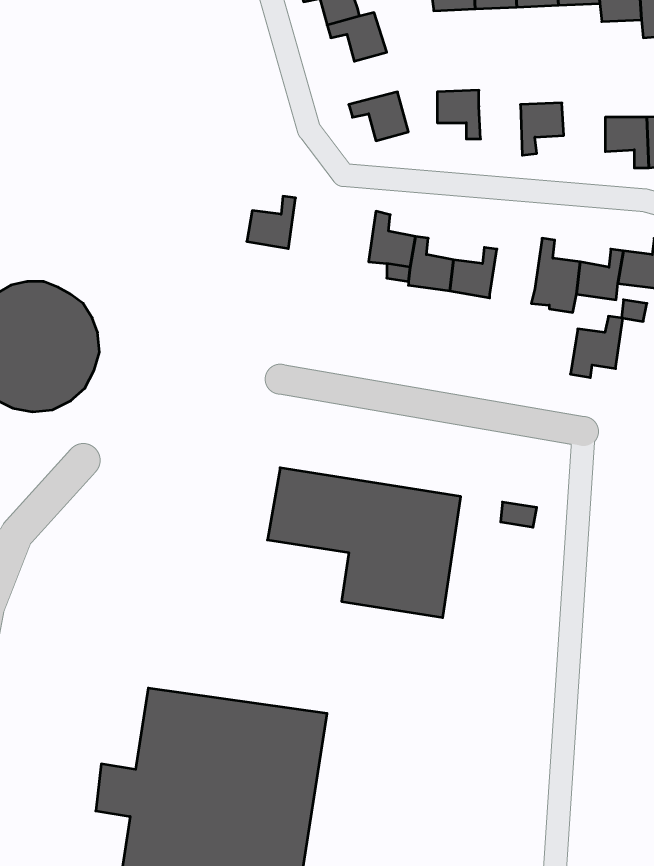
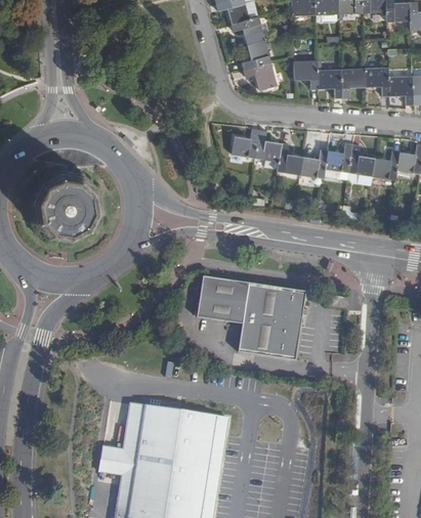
building: none -> [241,40,270,70]
building: none -> [364,68,388,96]
building: none -> [317,70,341,98]
building: [247,196,296,249] -> [230,129,258,159]
building: [570,316,623,378] -> [323,144,352,179]

